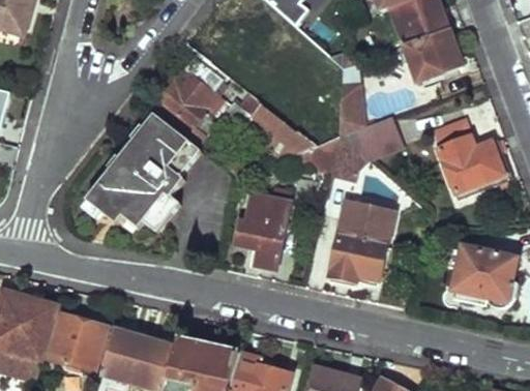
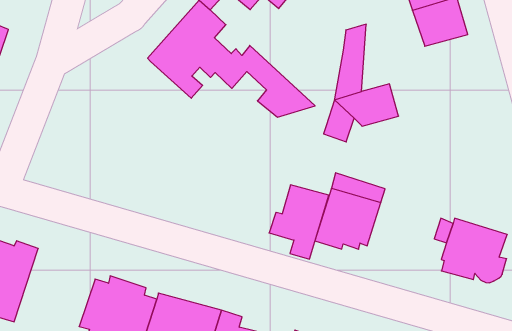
building: [84,113,199,231] -> none
building: [431,120,508,198] -> none
building: [234,193,290,265] -> [269,185,329,259]
building: [48,314,107,369] -> none

